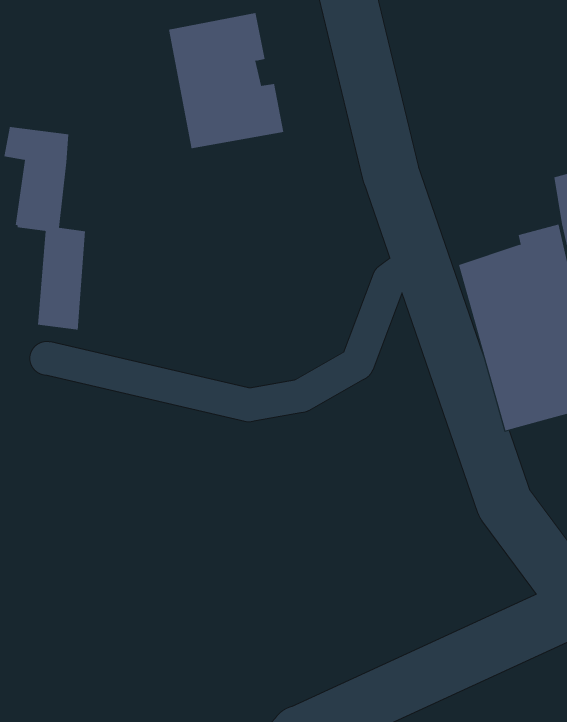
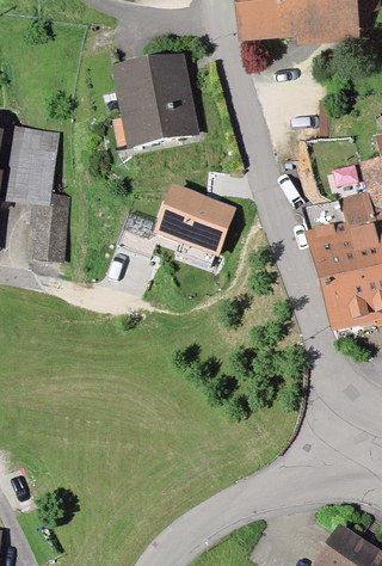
building: none -> [161,191,238,262]

